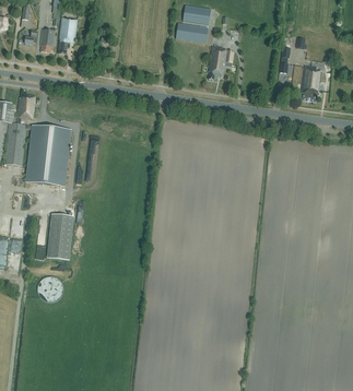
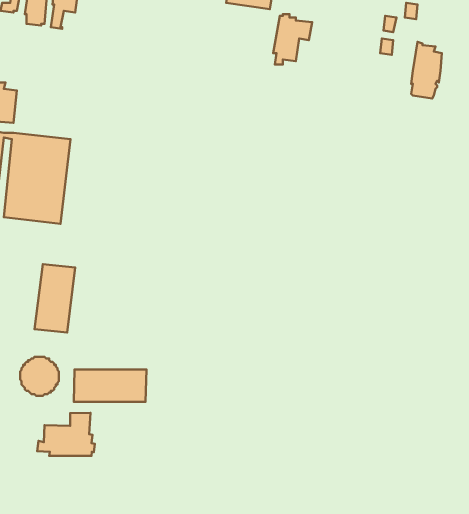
building: none -> [74,370,146,402]
building: none -> [37,413,95,456]

